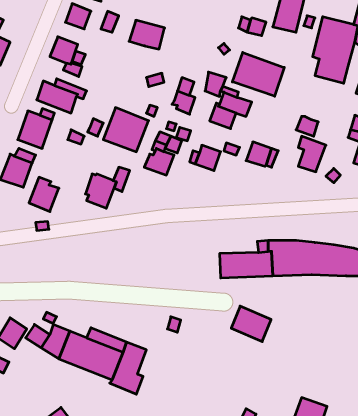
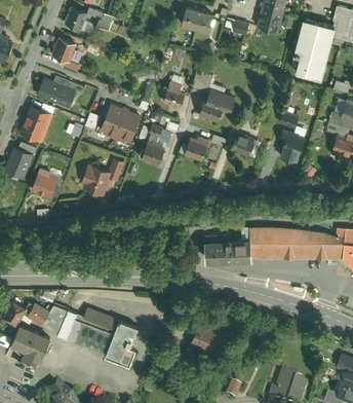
building: [129,20,165,49] -> [181,6,213,33]
building: [232,52,284,96] -> none
building: [231,306,271,342] -> [192,323,229,356]
building: none -> [12,324,52,372]

